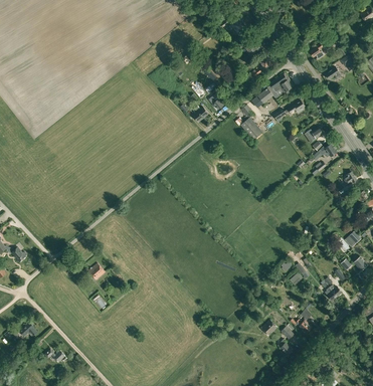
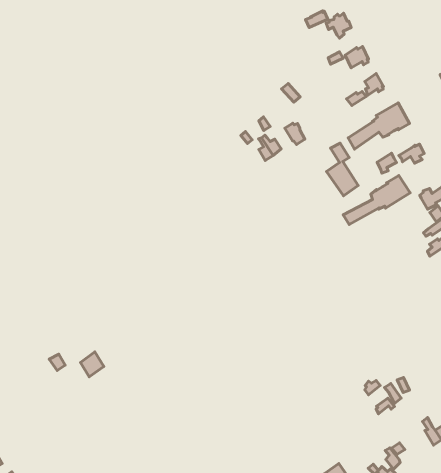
building: none -> [343,175,410,225]

